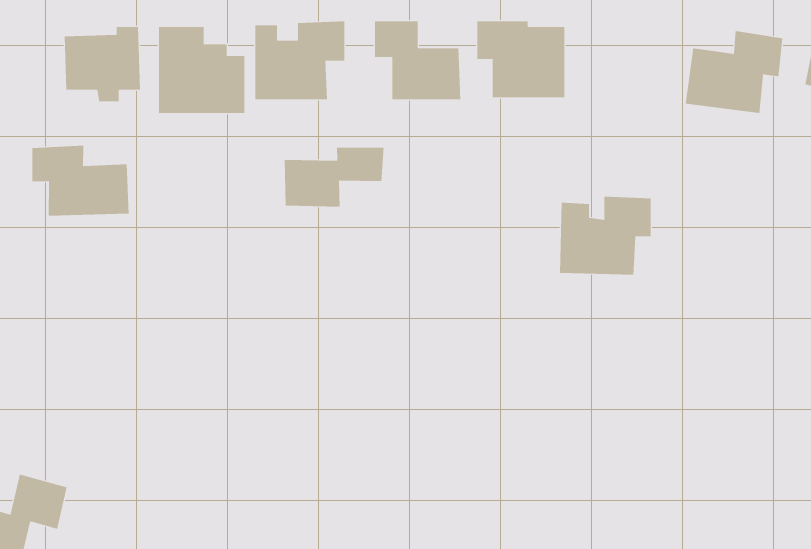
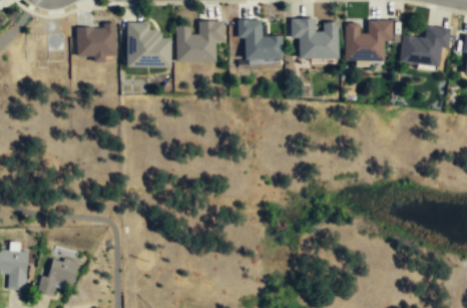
building: [32,145,129,216] -> none
building: [284,147,384,208] -> none
building: [559,196,652,275] -> [345,20,393,61]

